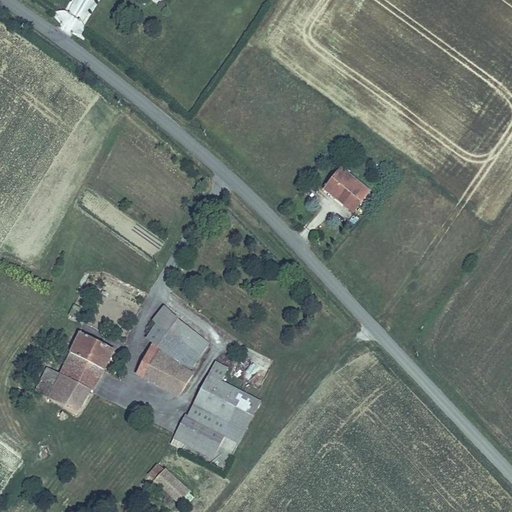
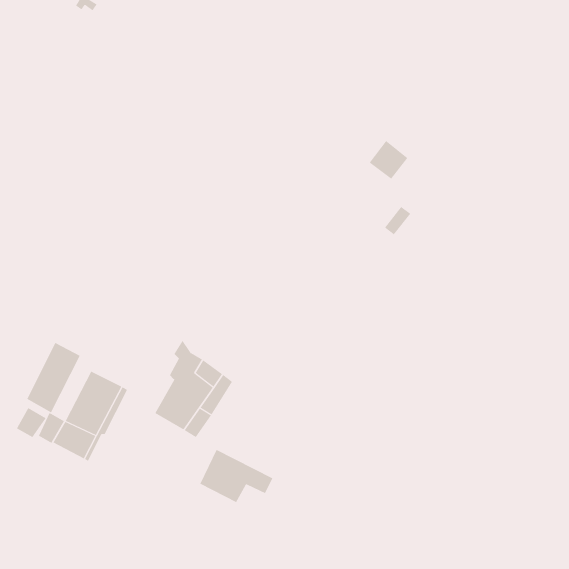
building: [323,168,358,203] -> [369,140,408,179]
building: none -> [27,342,81,413]
building: [193,360,258,427] -> none
building: none -> [16,407,47,438]
building: [148,462,188,500] -> none

